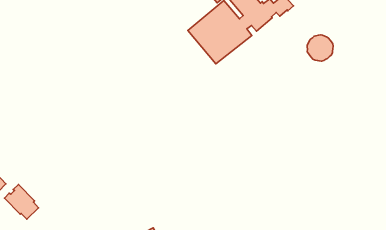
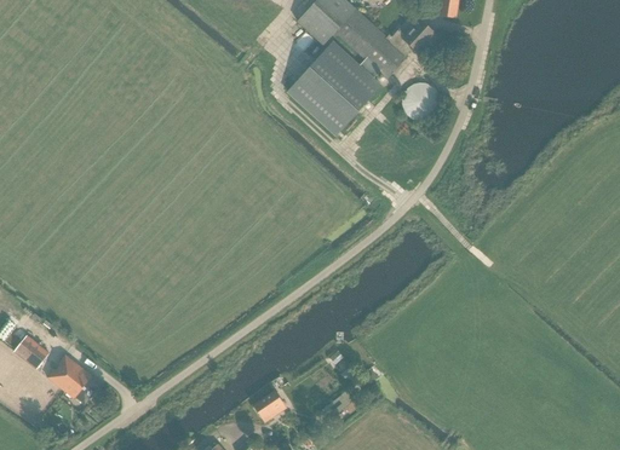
building: [307,35,333,61] -> [402,81,441,120]

